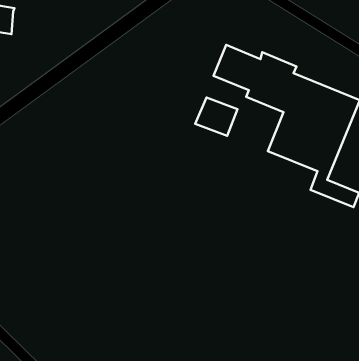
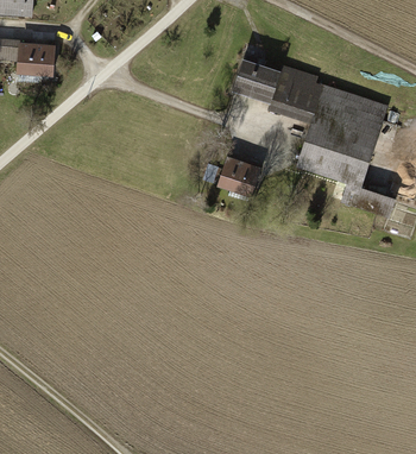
building: none -> [18,43,56,77]
building: [195,97,237,136] -> [218,157,260,195]

